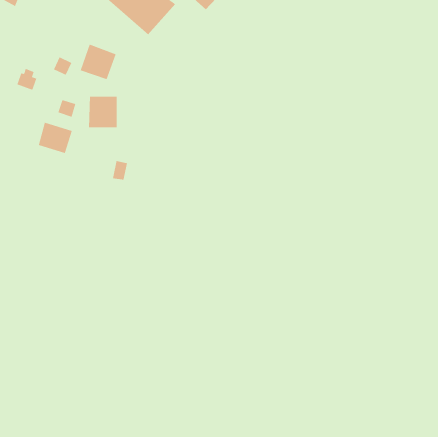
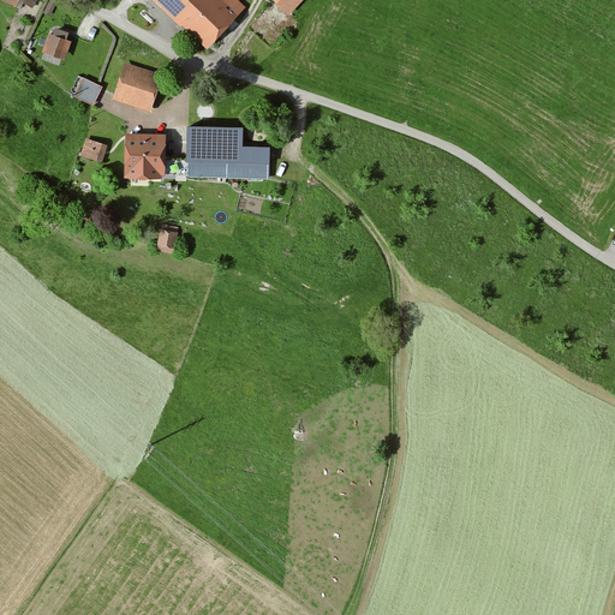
building: [17,68,37,91] -> [42,29,71,60]
building: none -> [186,126,270,178]
building: [38,122,73,154] -> none

